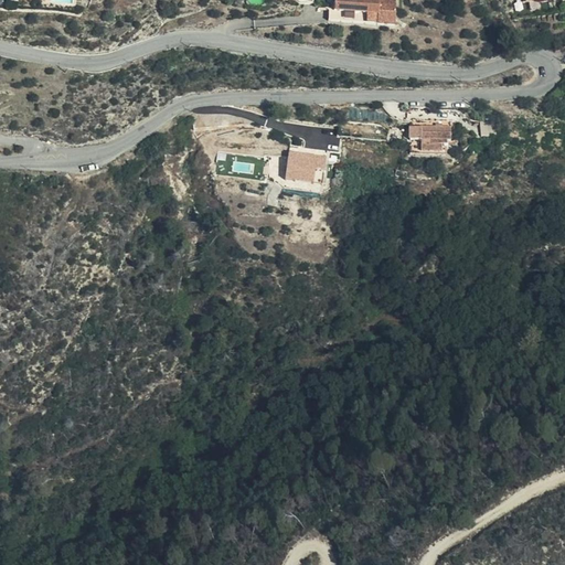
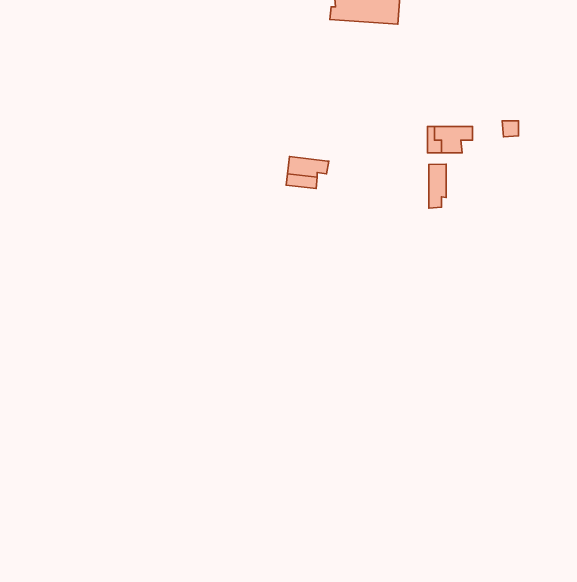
building: none -> [429,164,446,208]

